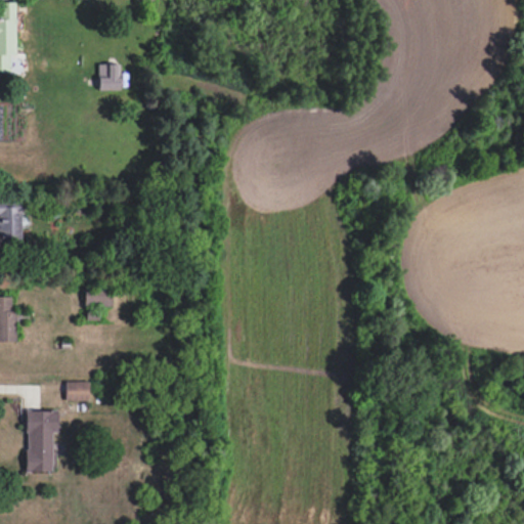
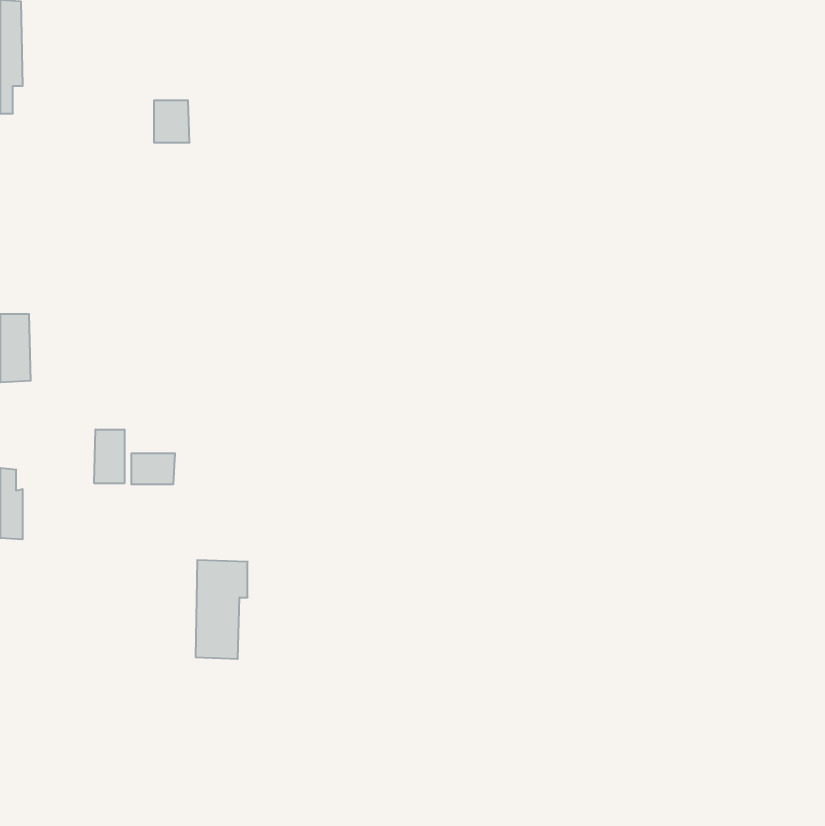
building: none -> [94,429,124,483]
building: [67,382,90,401] -> none
building: [26,410,58,473] -> [196,560,248,659]

